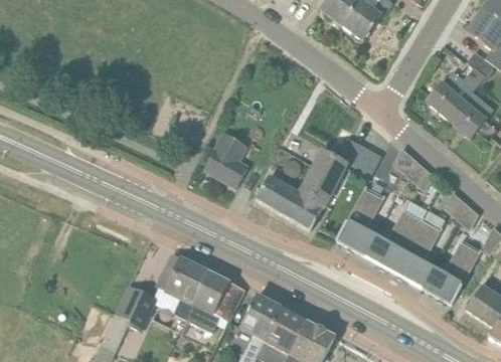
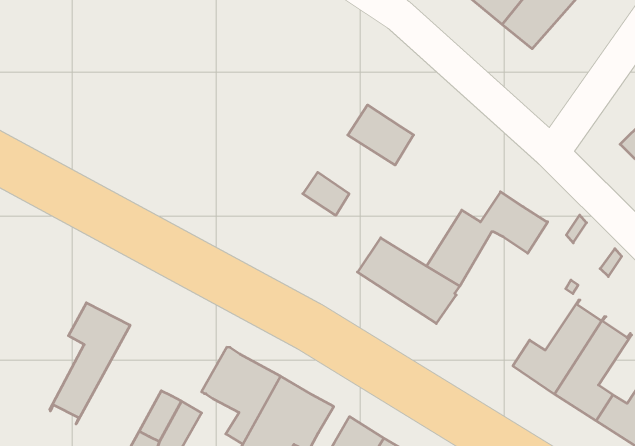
building: [203,147,247,186] -> [348,105,414,165]
building: [336,177,385,253] -> none
building: none -> [50,303,130,424]

